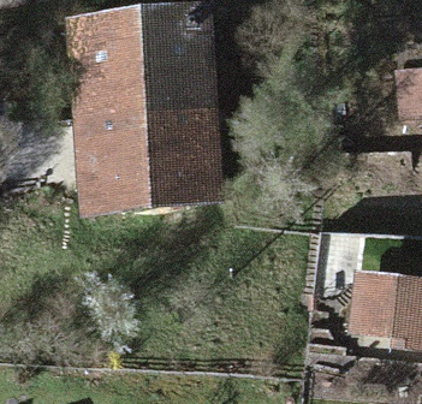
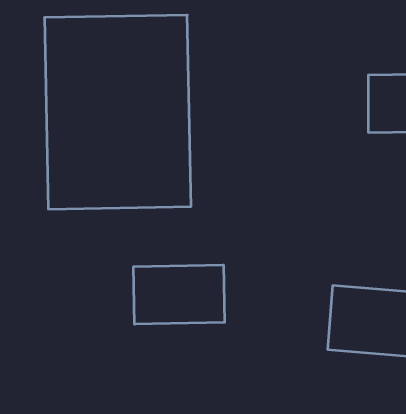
building: none -> [134,265,225,324]

